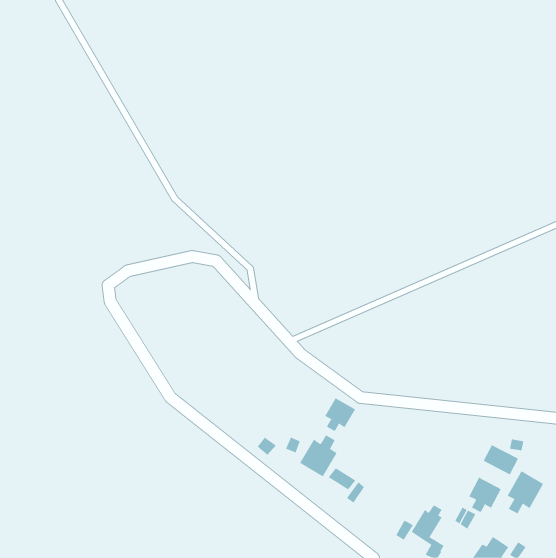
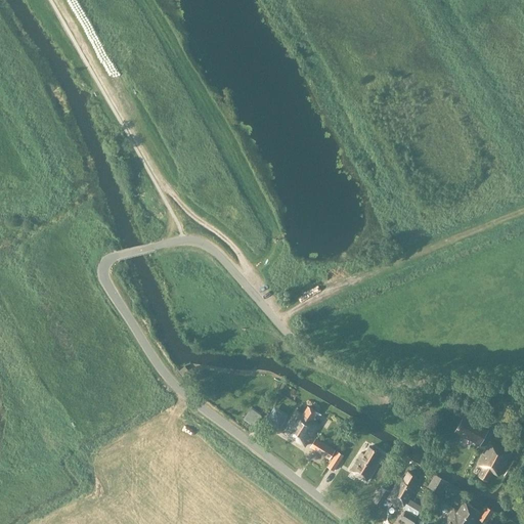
building: [324,397,356,432] -> none
building: none -> [349,446,378,481]
building: [468,477,502,513] -> none

